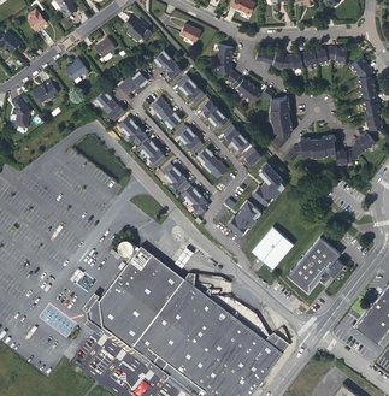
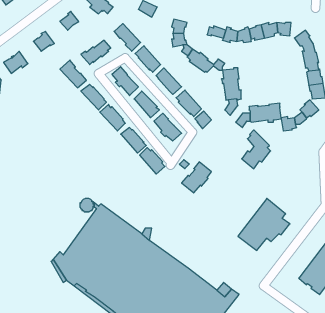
building: [252,161,283,203] -> [242,130,271,169]
building: [251,231,291,273] -> none

